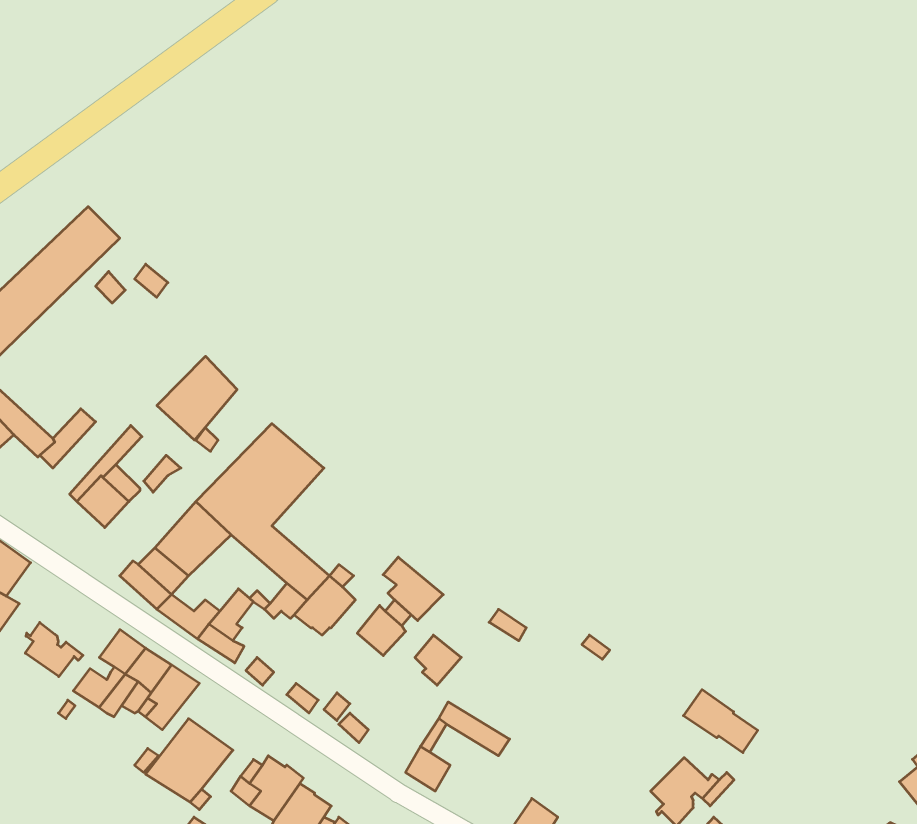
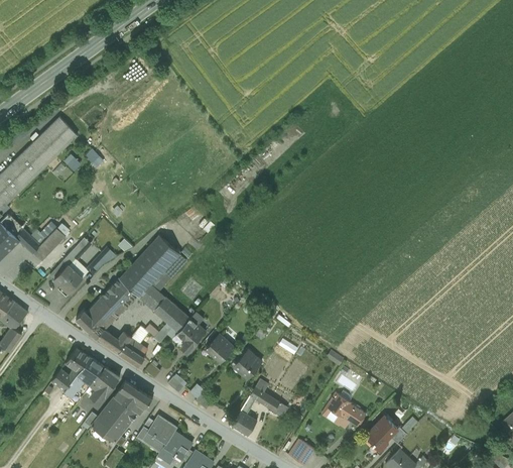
building: [157,356,237,440] -> none
building: [383,557,443,621] -> none
building: [25,622,83,677] -> none
building: none -> [114,380,151,415]
building: [683,690,758,753] -> [326,392,366,427]

